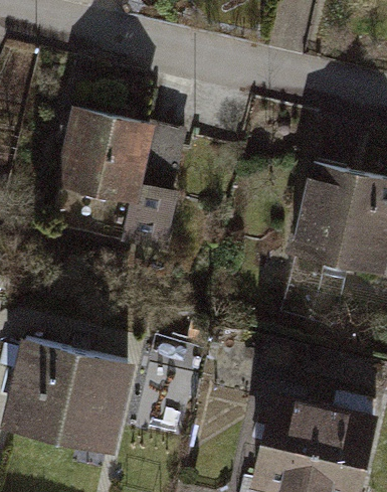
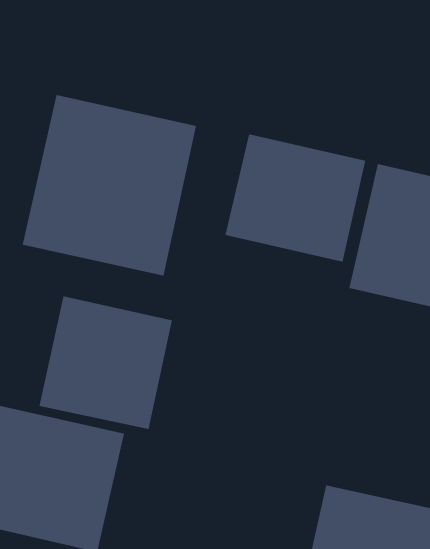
building: none -> [225,134,366,263]
building: none -> [39,295,173,430]

